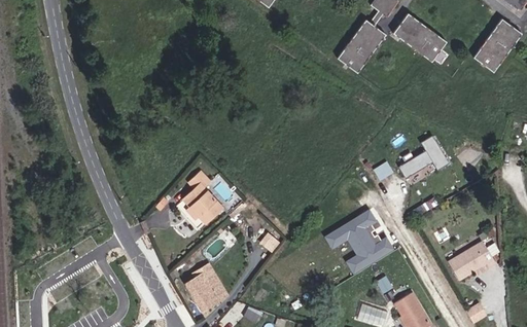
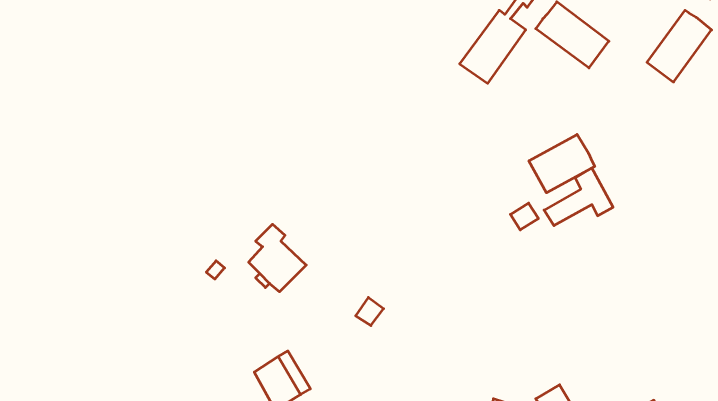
building: none -> [529,134,595,193]
building: [325,209,394,275] -> none
building: [446,241,495,281] -> none

